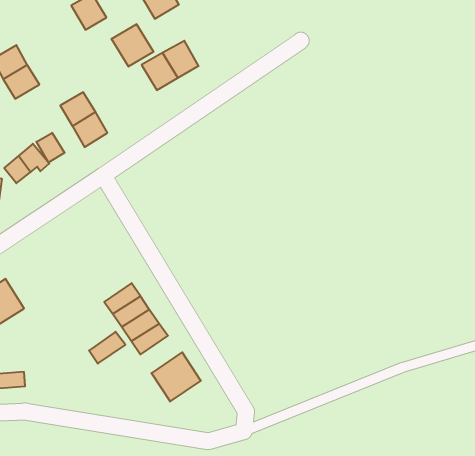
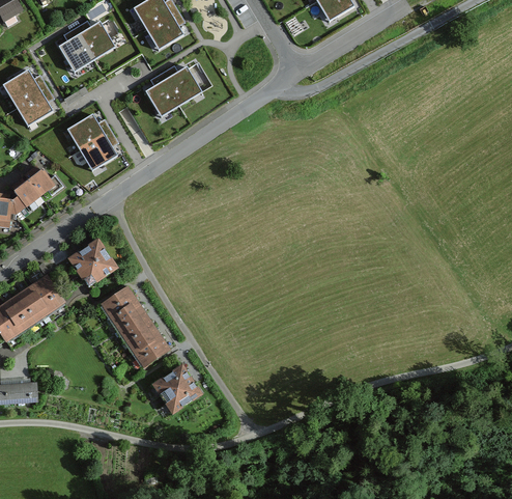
building: none -> [59,35,92,71]
building: [112,24,153,67] -> none
building: [36,133,65,163] -> none
building: none -> [69,237,117,284]
building: none -> [17,273,65,322]
building: [89,332,125,364] -> [102,285,136,315]

